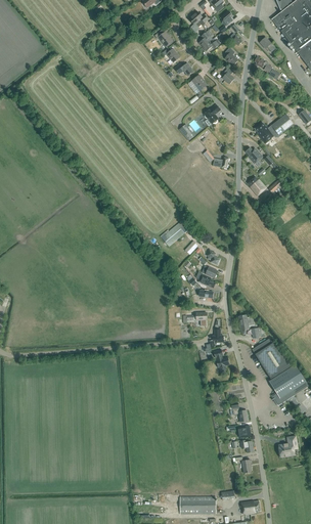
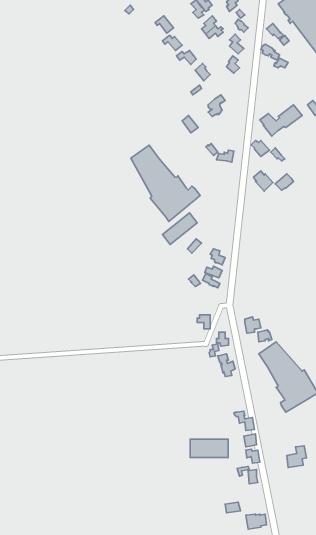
building: none -> [131,145,200,221]
building: [180,496,216,514] -> [190,439,228,458]

